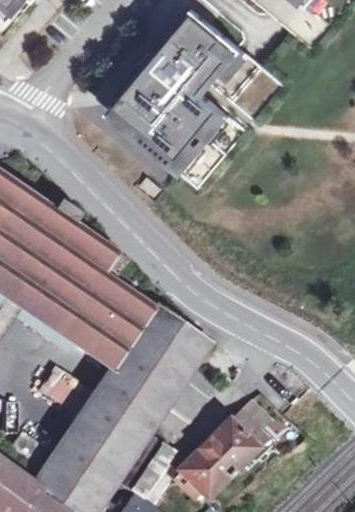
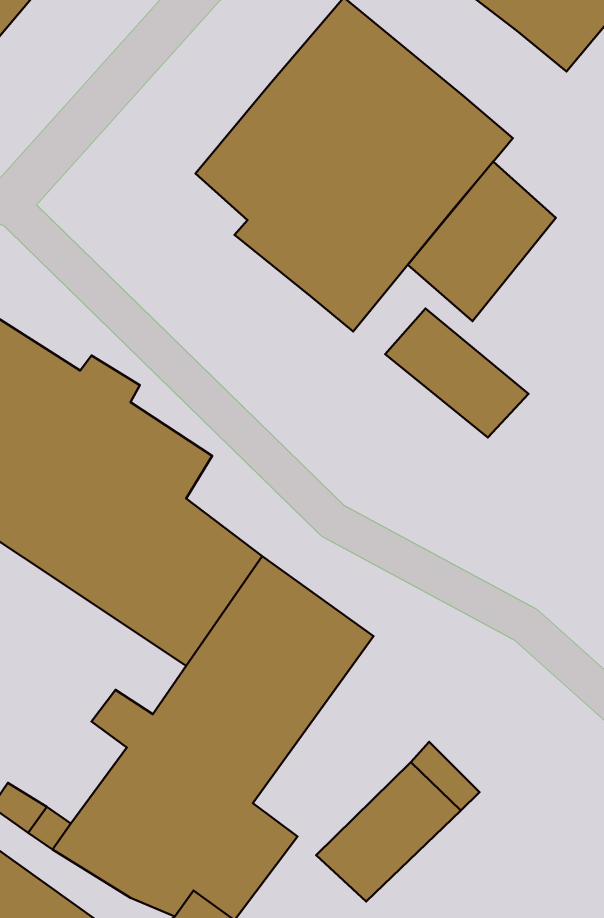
building: none -> [408,162,556,321]
building: none -> [385,309,528,438]

